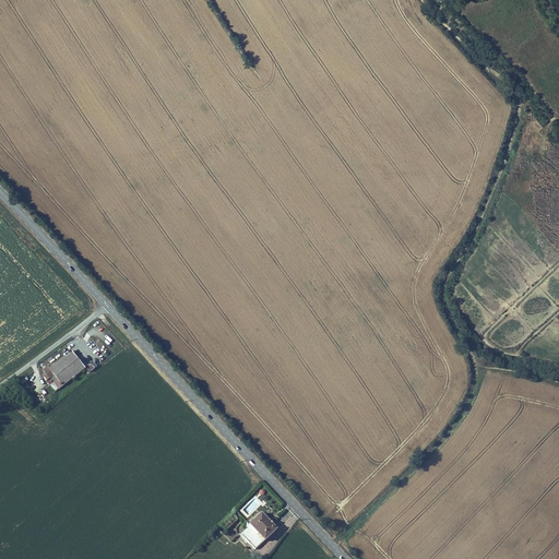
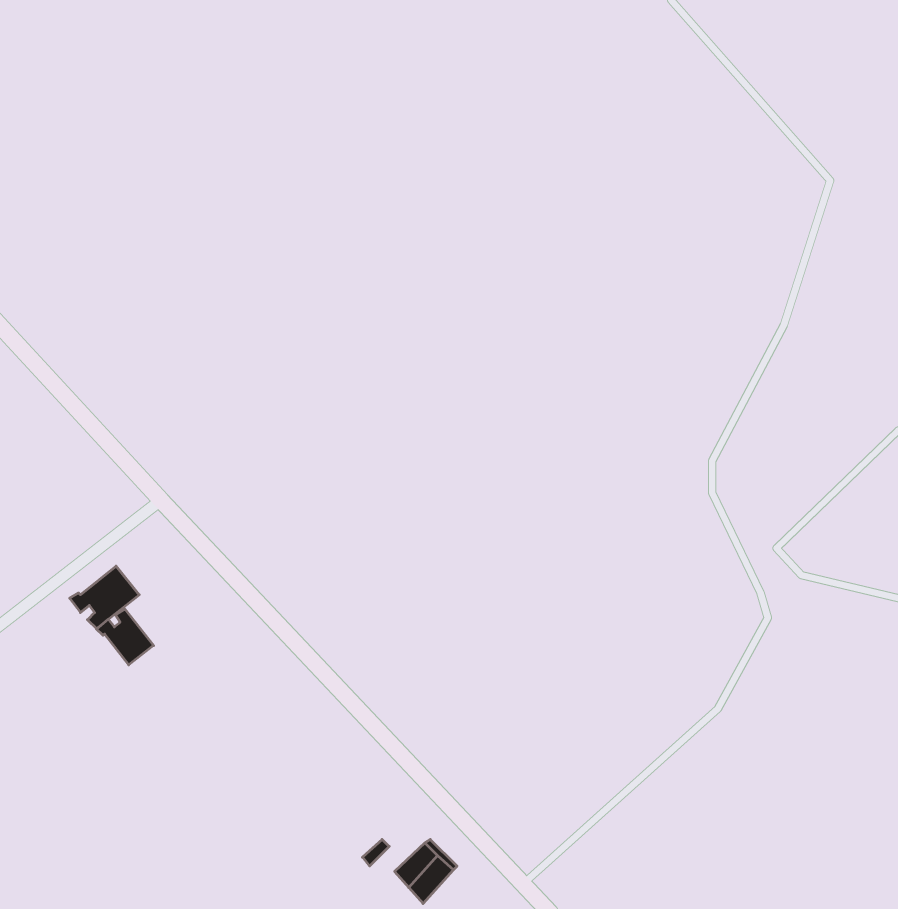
building: none -> [96,609,154,665]

